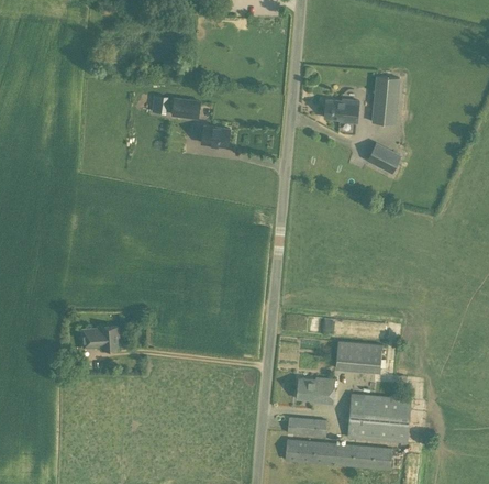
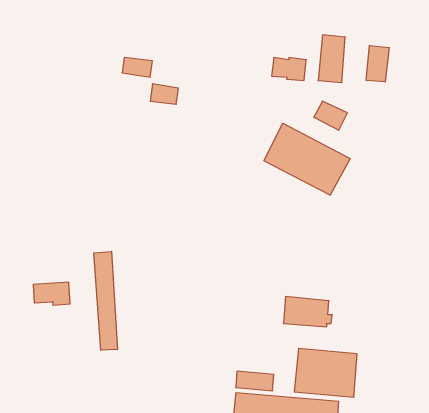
building: none -> [366,45,389,82]
building: none -> [264,123,350,195]
building: none -> [94,251,117,350]
building: [296,377,334,405] -> none

